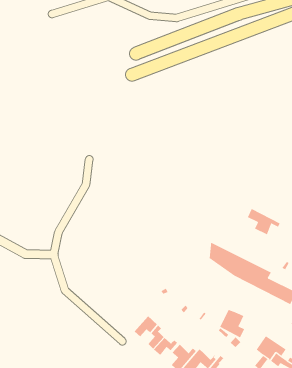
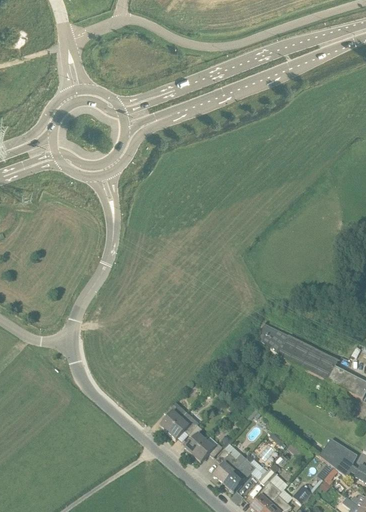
building: [247,208,281,235] -> none
building: none -> [161,402,186,433]
building: [220,309,245,338] -> none

